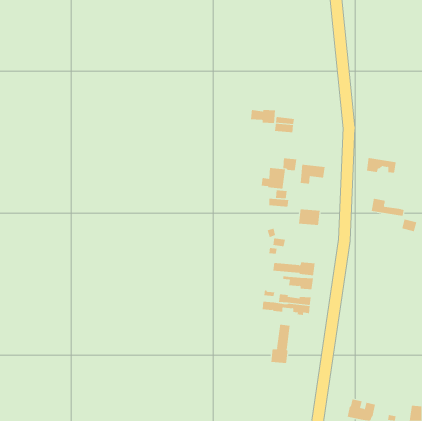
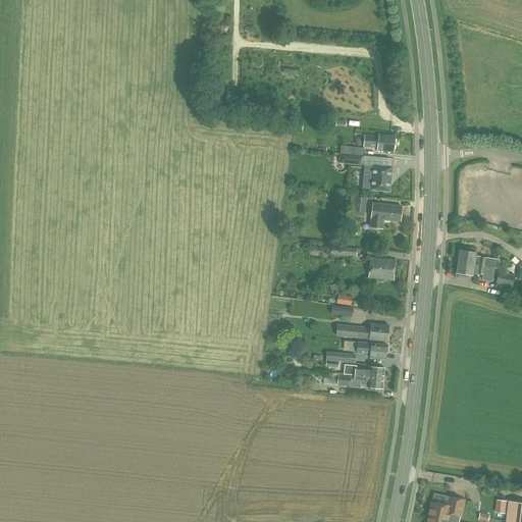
building: [250,109,276,123] -> [363,134,395,151]
building: [366,158,399,173] -> [456,261,497,280]
building: [261,168,286,189] -> [362,164,393,191]
building: [271,324,290,364] -> none

